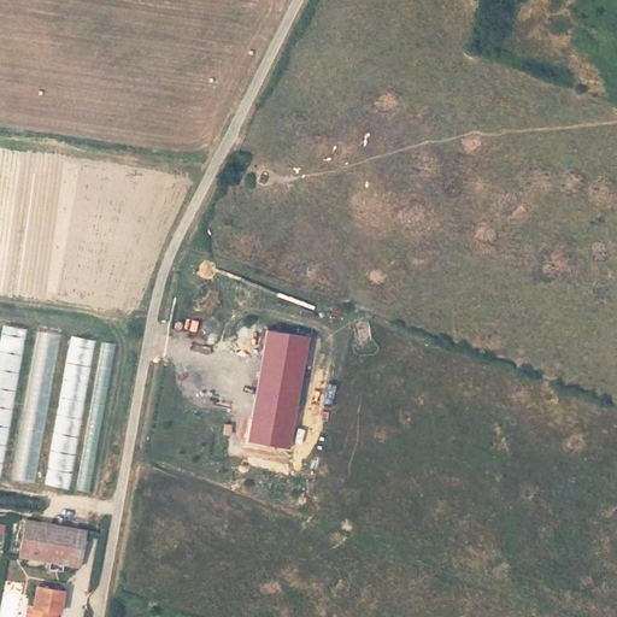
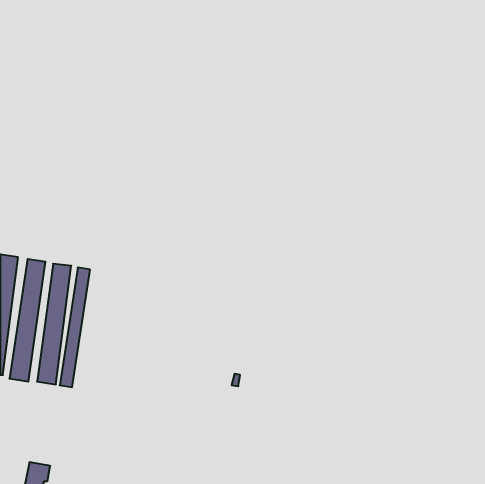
building: [248,330,308,448] -> none
building: [22,522,86,569] -> none

